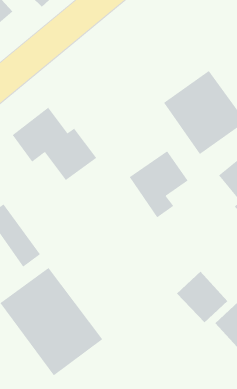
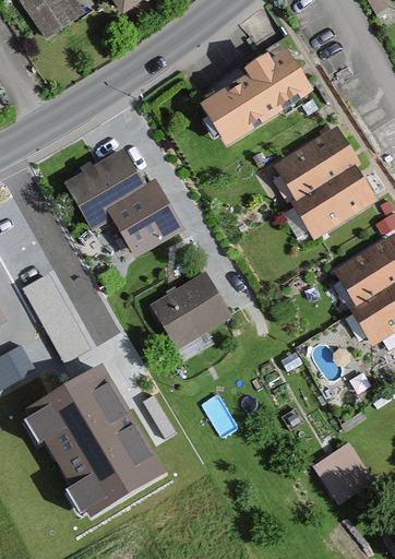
building: none -> [204,50,309,141]
building: [129,150,189,218] -> [149,273,229,362]
building: [176,271,228,323] -> none

